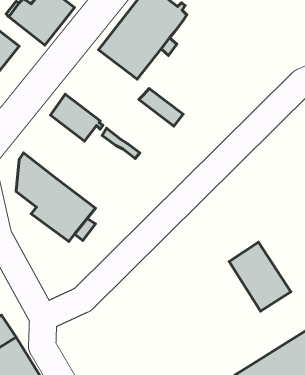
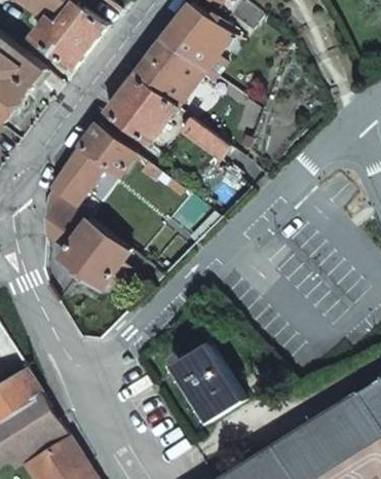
building: none -> [104,74,176,145]
building: none -> [49,147,117,218]
building: [229,242,291,311] -> [174,342,242,419]

